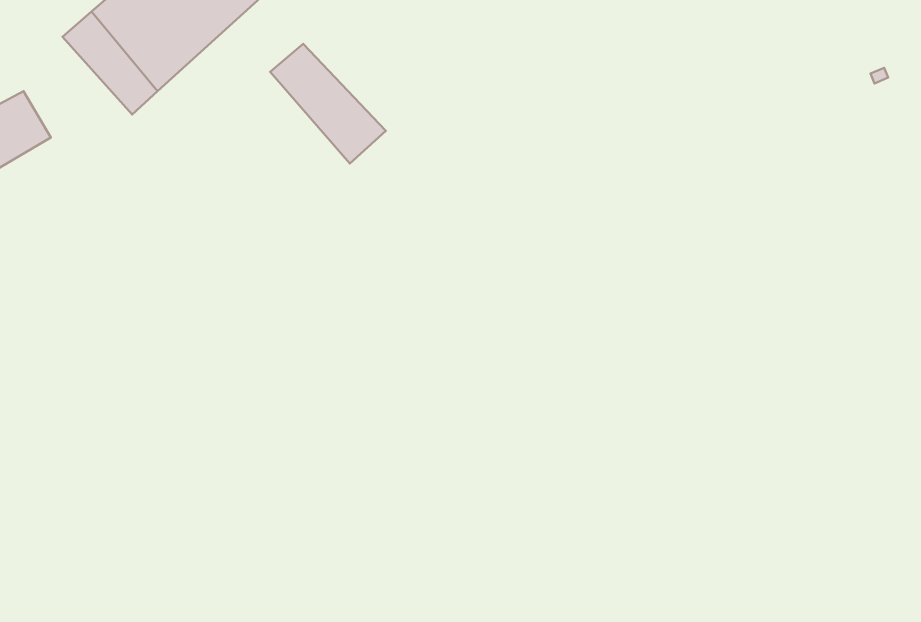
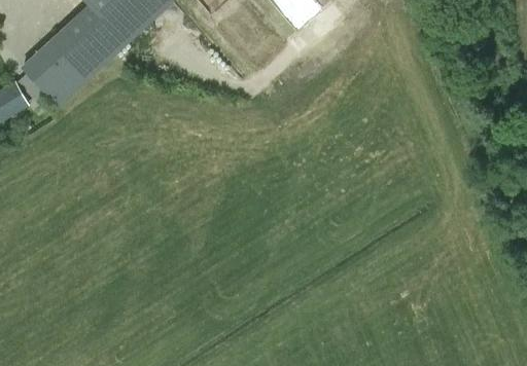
building: none -> [19,53,71,108]
building: [270,44,386,163] -> none

